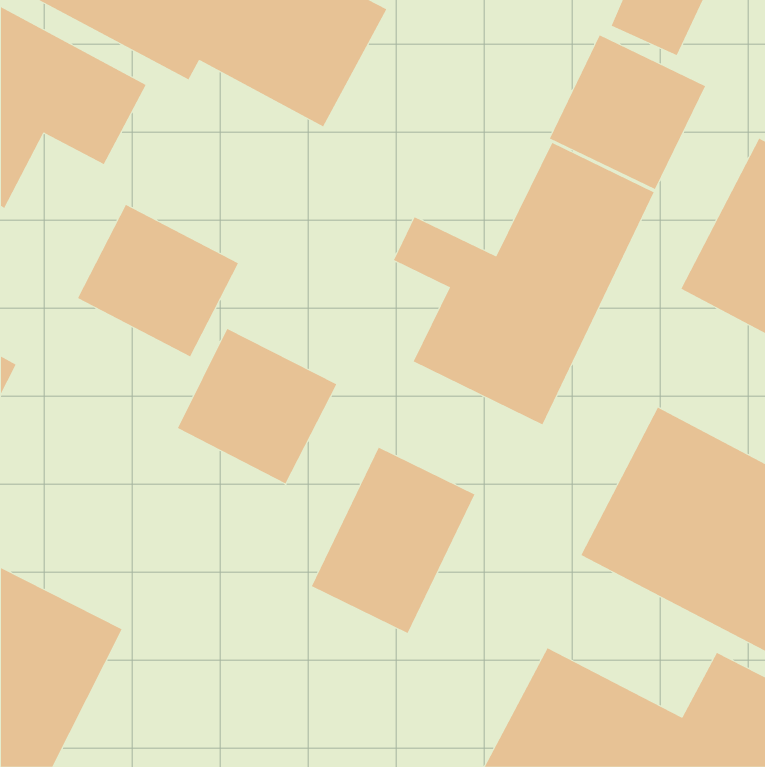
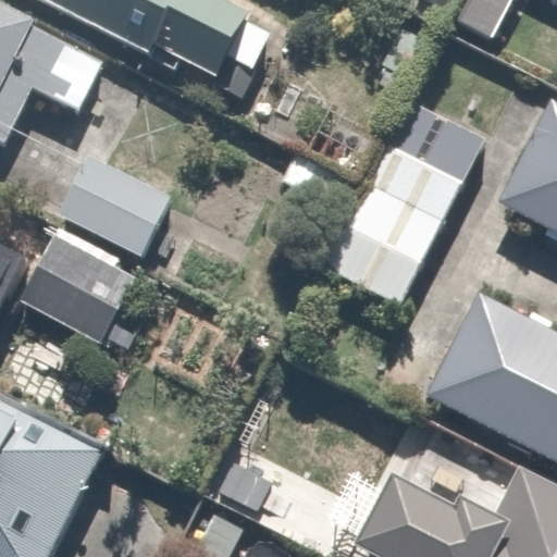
building: [549,35,706,190] -> none
building: [177,328,337,484] -> [22,233,137,345]
building: [311,447,475,634] -> none

